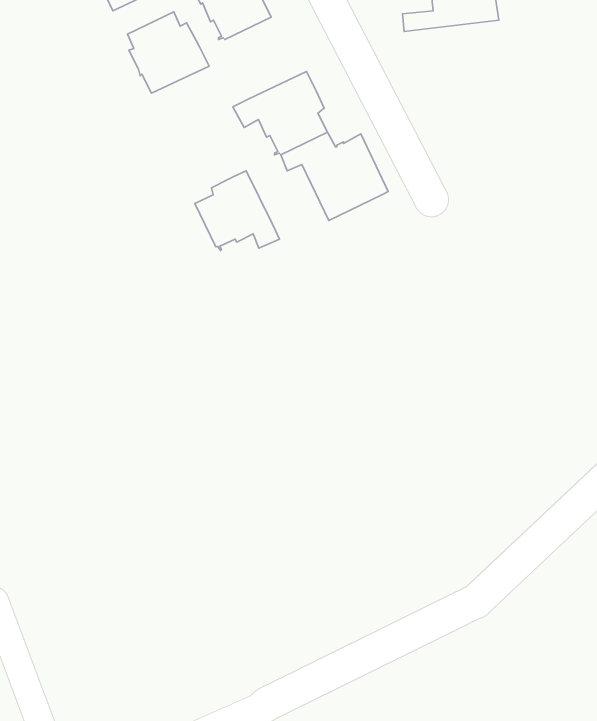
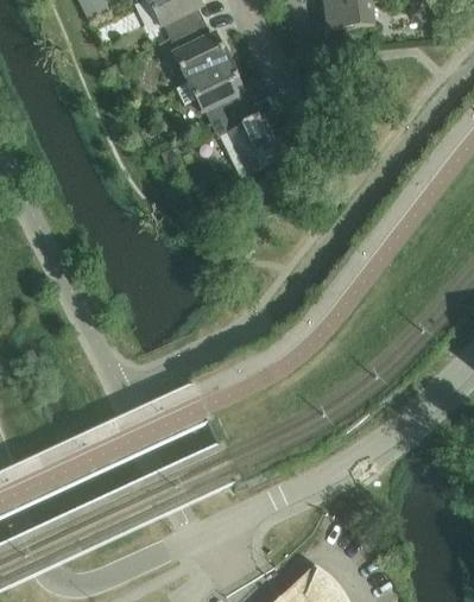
building: [127,12,209,93] -> [170,20,230,81]
building: [195,171,279,251] -> none

